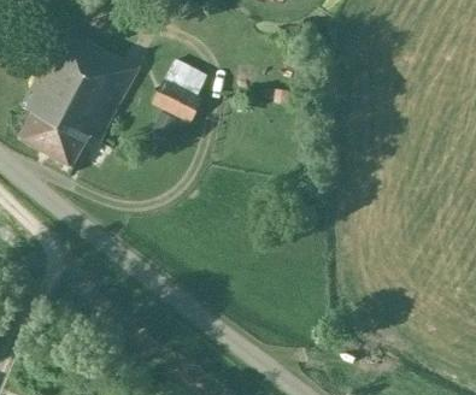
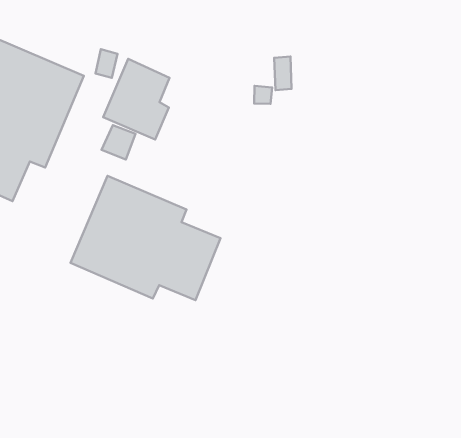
building: none -> [71,176,220,300]

